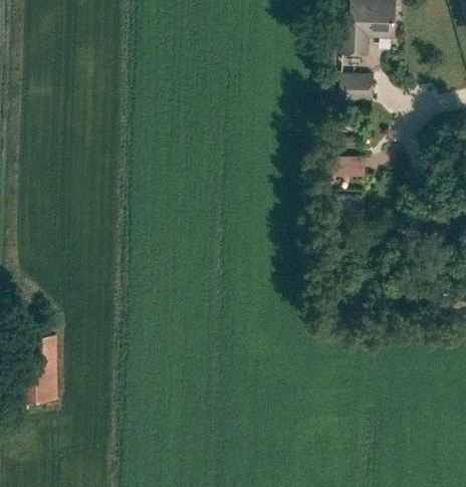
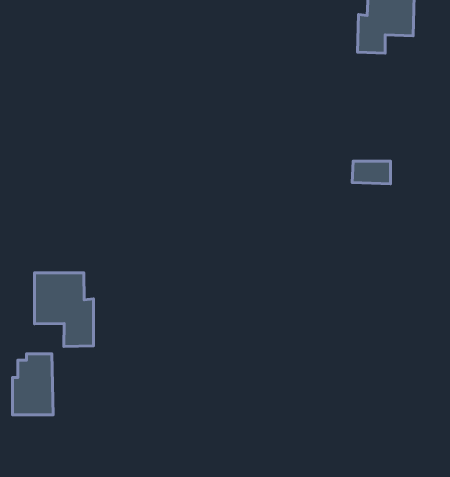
building: [339,74,373,102] -> none
building: none -> [35,273,93,346]

